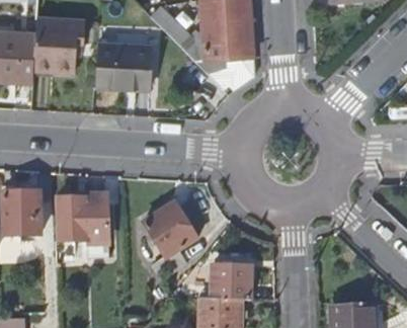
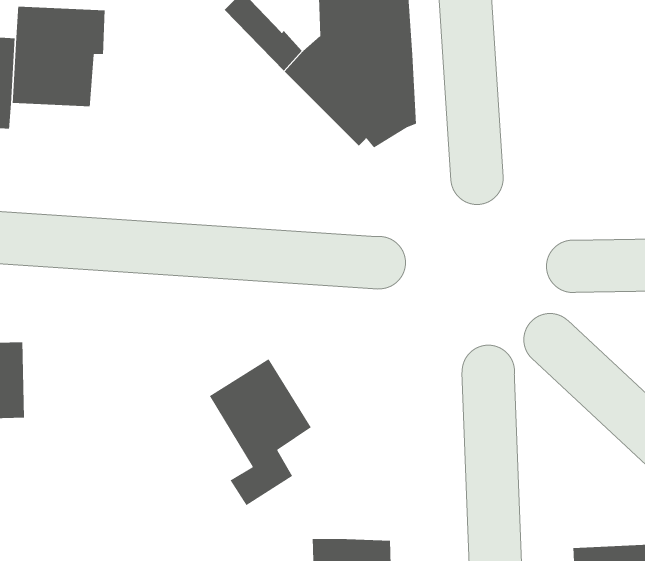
building: [93,43,156,88] -> none
building: [58,196,105,241] -> none
building: [210,268,249,303] -> none

